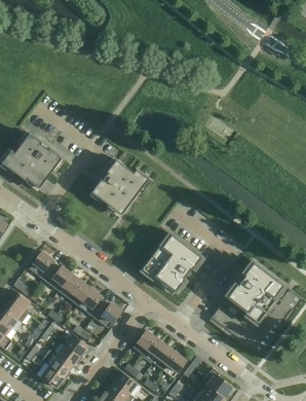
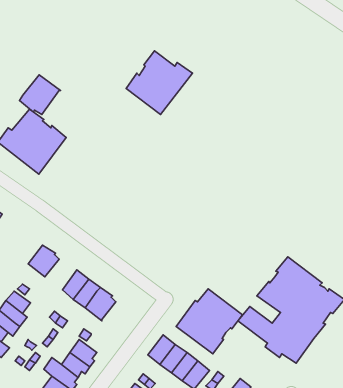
building: none -> [20,75,60,114]
building: [91,158,149,214] -> [126,51,193,115]
building: [144,233,201,290] -> [176,289,242,354]
building: [43,263,71,290] -> none
building: [92,300,121,328] -> none

